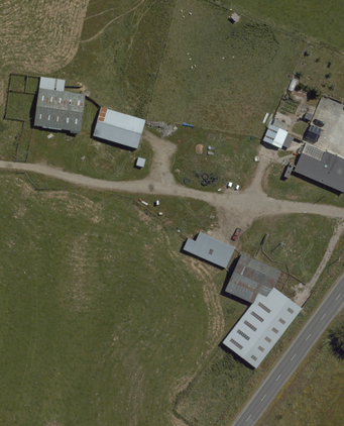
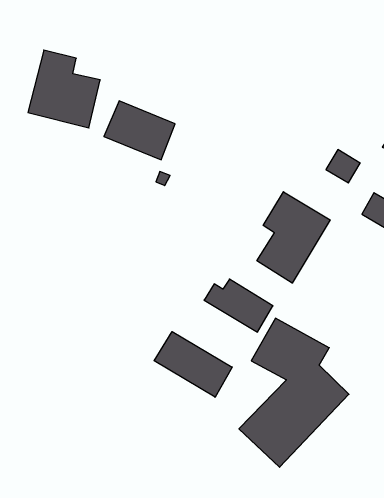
building: none -> [257,192,330,283]
building: none -> [154,332,232,397]

